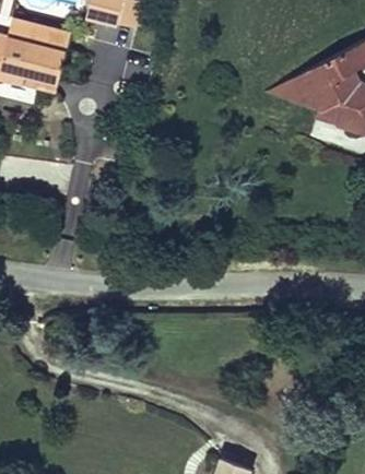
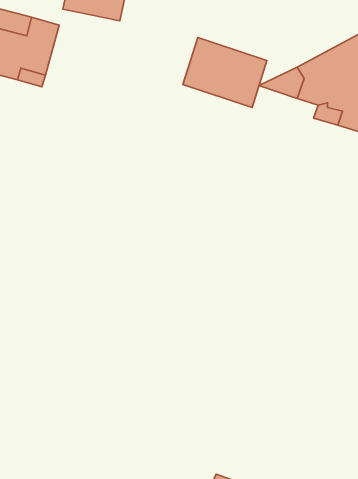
building: none -> [183,38,267,108]

